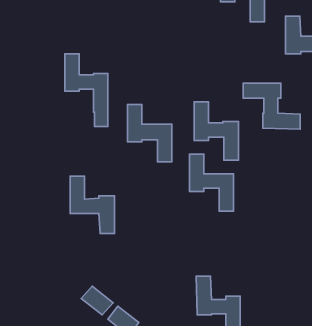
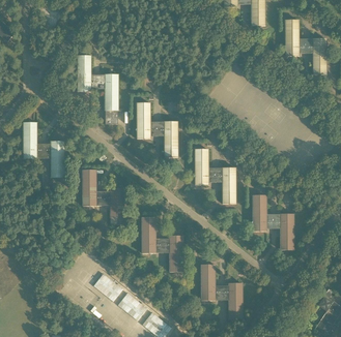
building: [243,83,300,129] -> none
building: [194,102,238,160] -> [252,194,293,249]
building: none -> [23,122,63,176]
building: none -> [141,217,182,271]

